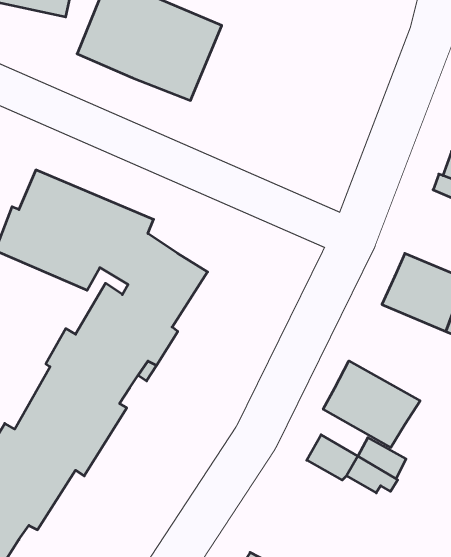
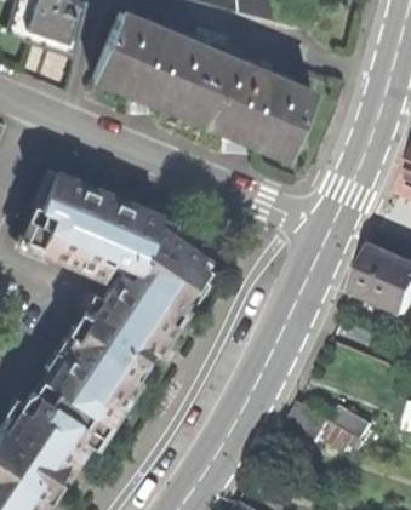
building: none -> [187,51,310,156]
building: [323,361,420,447] -> none

